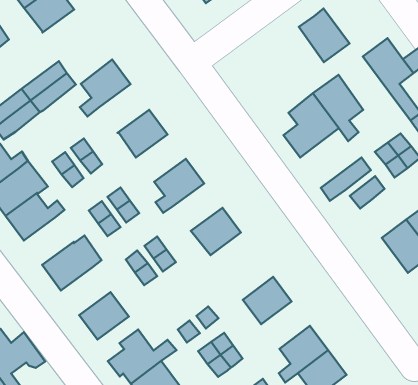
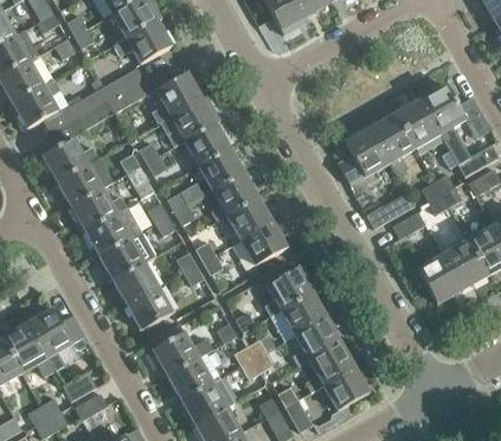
building: [299,9,349,62] -> [396,97,441,147]
building: none -> [114,20,172,63]
building: none -> [158,95,216,146]
building: none -> [198,147,244,190]
building: none -> [226,197,272,239]
building: none -> [84,205,141,254]
building: none -> [265,264,311,315]
building: none -> [113,262,159,305]
building: none -> [293,317,340,365]

